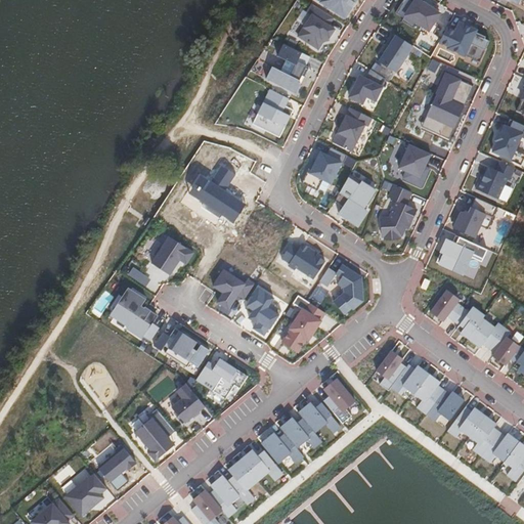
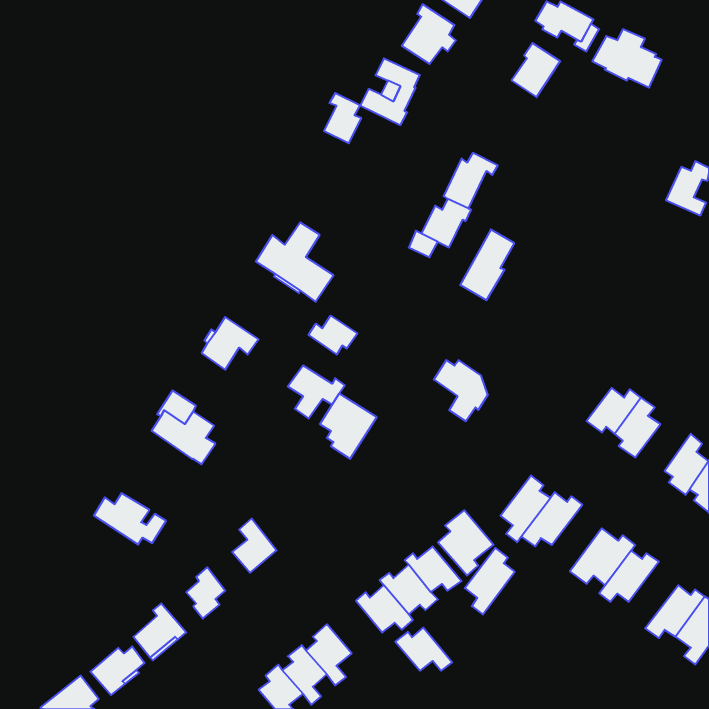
building: [348,68,385,102] -> none
building: [421,73,473,139] -> none
building: [263,94,291,131] -> [324,93,361,143]
building: [404,145,434,182] -> none
building: [471,156,513,192] -> none
building: [381,184,416,237] -> none
building: [452,194,494,233] -> none
building: none -> [308,316,357,355]
building: [436,234,488,276] -> none
building: [286,244,329,279] -> none
building: [285,294,326,347] -> none
building: [468,312,509,347] -> none
building: [154,329,207,366] -> [94,493,166,545]
building: [195,360,243,405] -> none
building: [406,372,443,421] -> [465,548,515,615]
building: [463,413,499,463] -> none
building: [241,449,282,481] -> [395,628,452,671]

